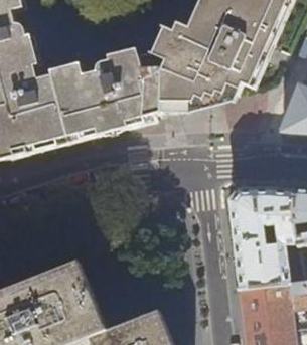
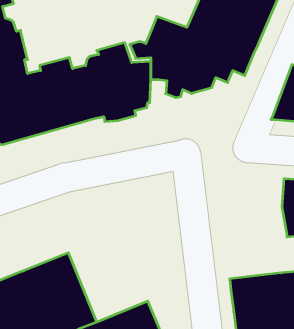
building: [227,187,296,290] -> none

